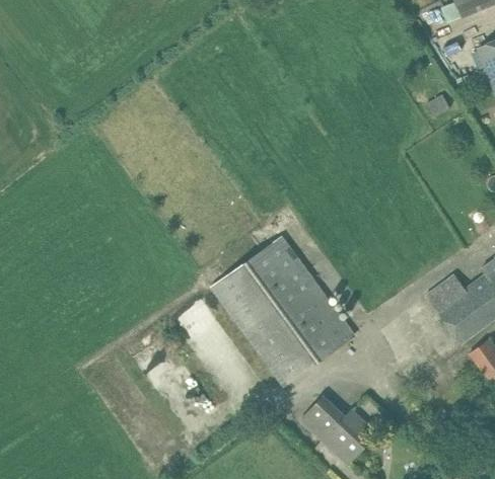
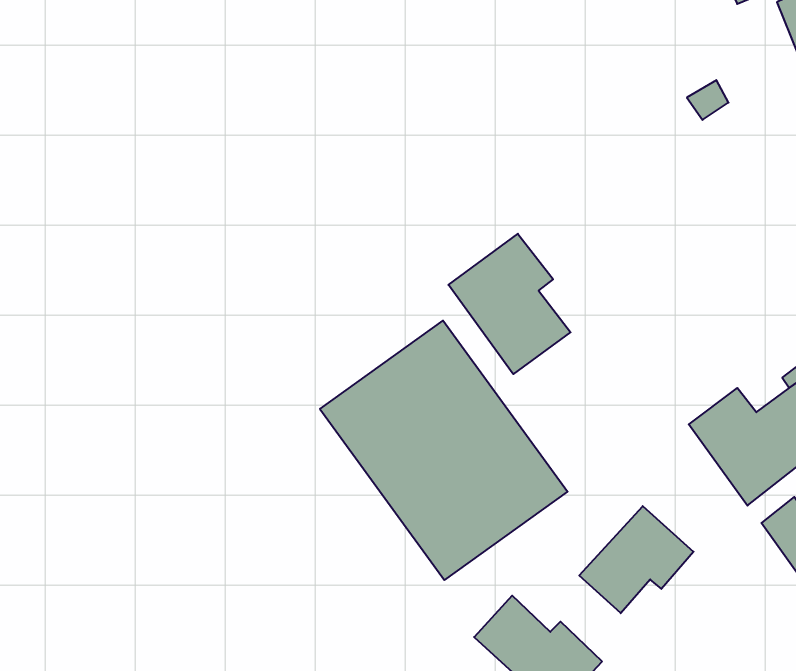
building: none -> [448,234,571,374]
building: none -> [579,506,694,613]

